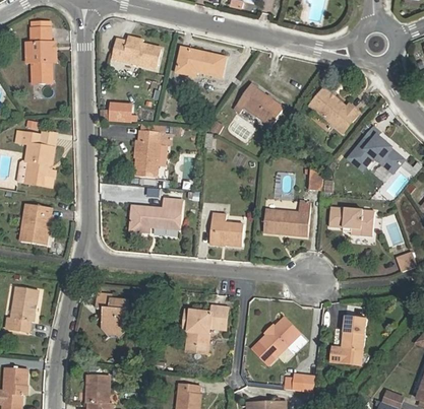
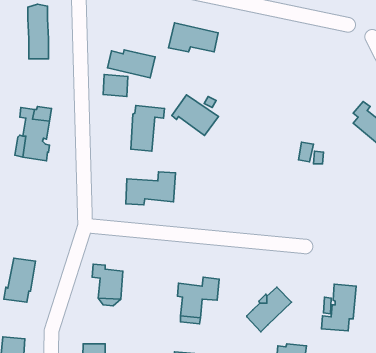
building: [108,41,157,69] -> [107,50,155,78]
building: [235,84,283,126] -> [172,95,218,135]
building: [309,87,359,132] -> none
building: [264,201,312,234] -> none
building: [17,203,50,245] -> none
building: [328,207,373,235] -> none
building: [210,213,243,249] -> none

